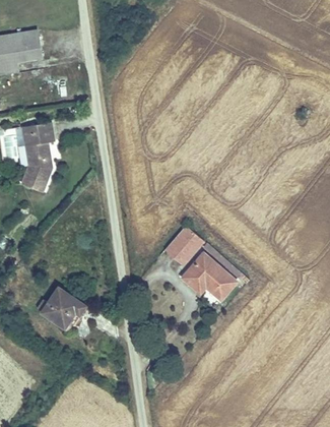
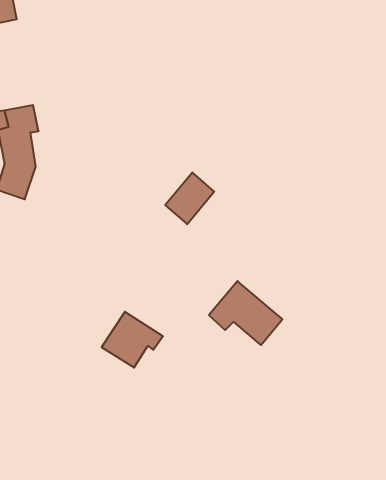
building: [164,224,201,262] -> [165,172,214,224]
building: [42,292,87,333] -> [102,312,163,368]

